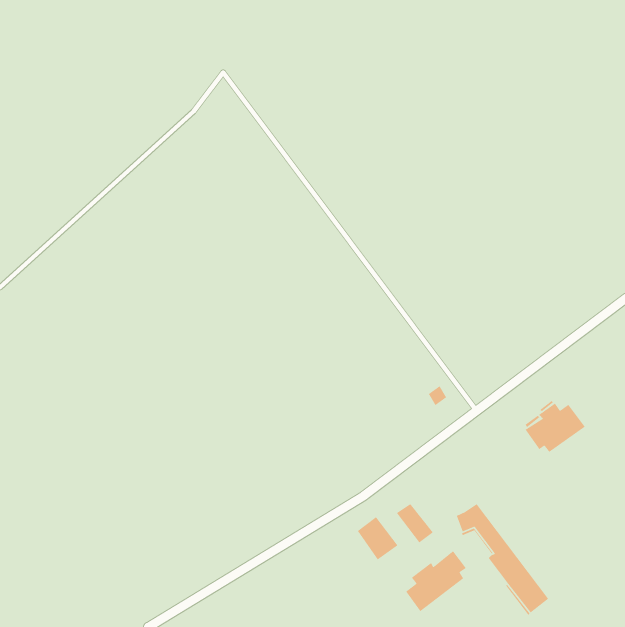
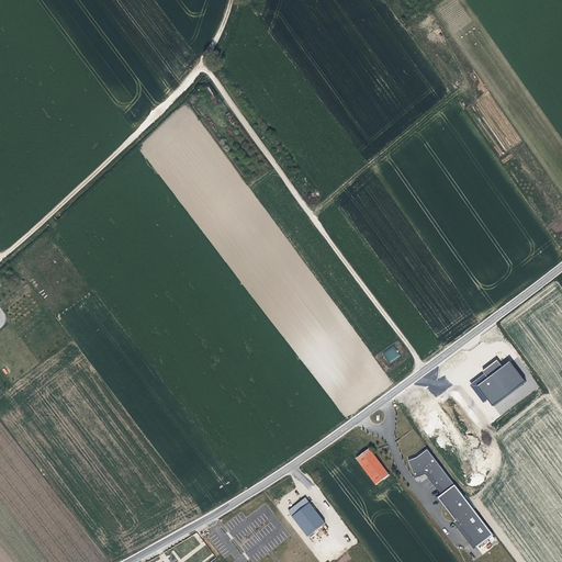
building: [357,516,398,560] -> [289,497,326,537]
building: [405,550,467,612] -> none

